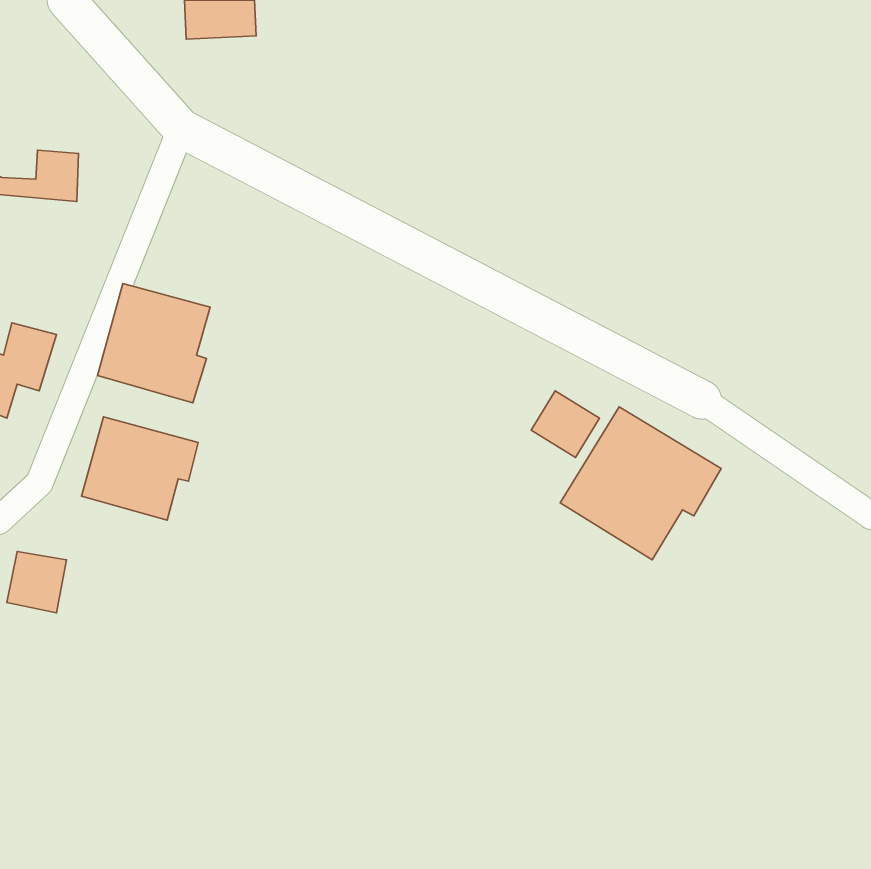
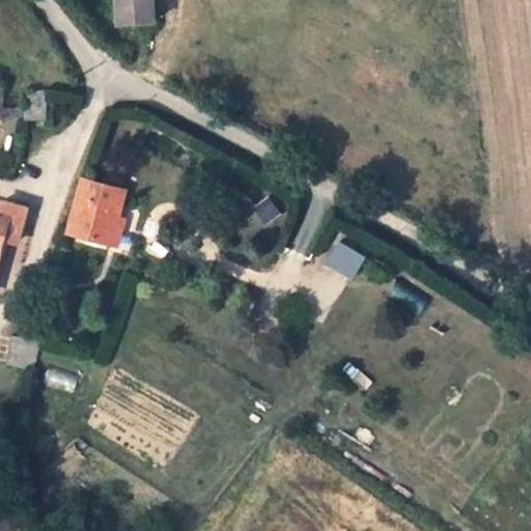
building: [560,407,721,560] -> none
building: [81,417,198,520] -> none

